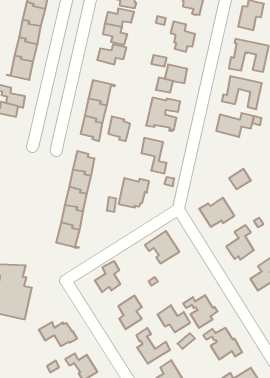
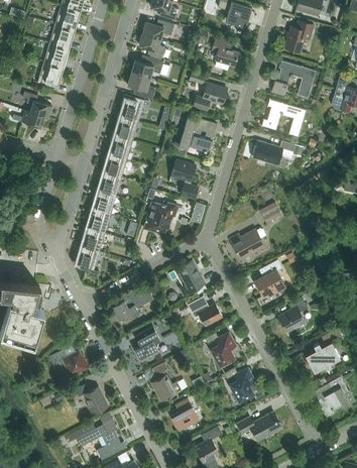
building: none -> [127,73,155,100]
building: [108,116,130,141] -> [103,150,127,178]
building: [157,305,190,332] -> [188,296,222,325]

